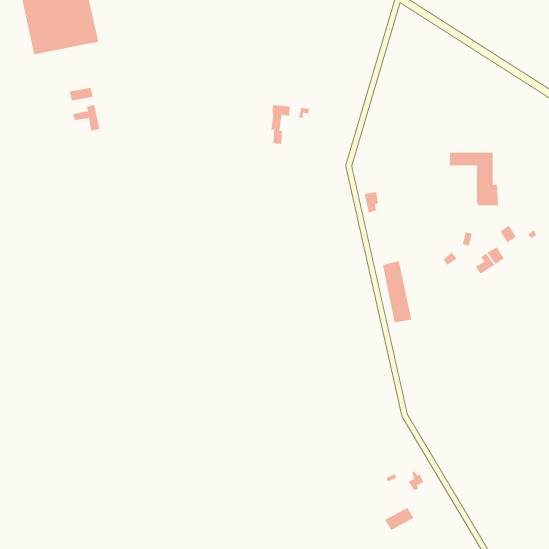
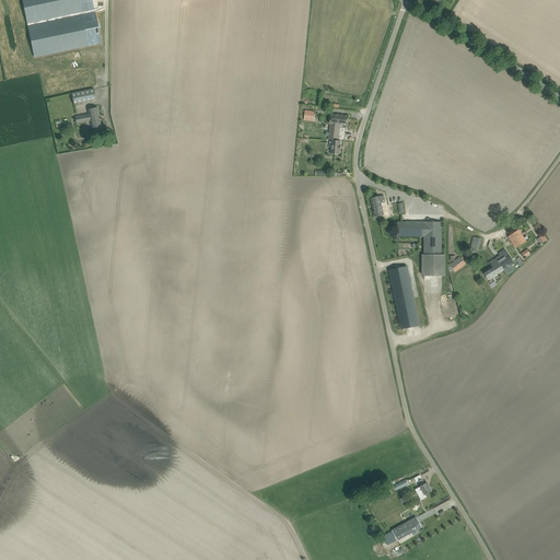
building: [270,104,291,144] -> [327,113,348,153]
building: [449,152,499,206] -> [396,221,446,276]

